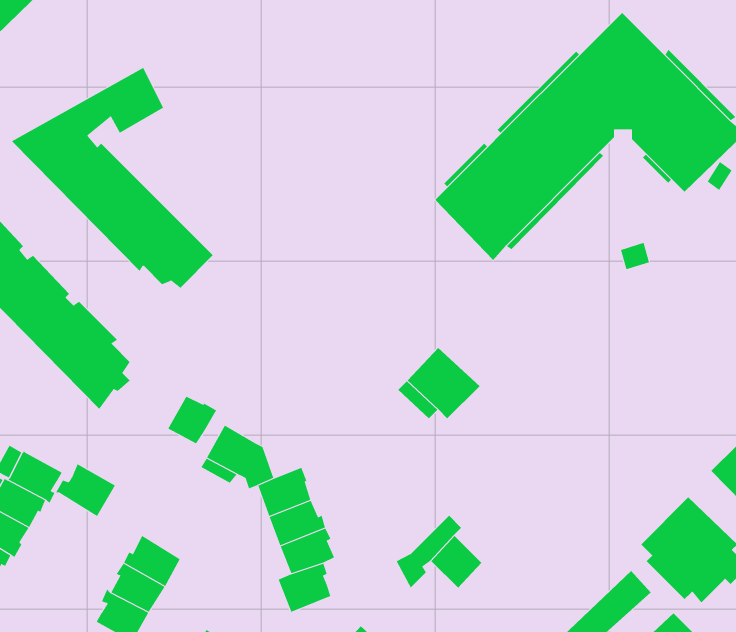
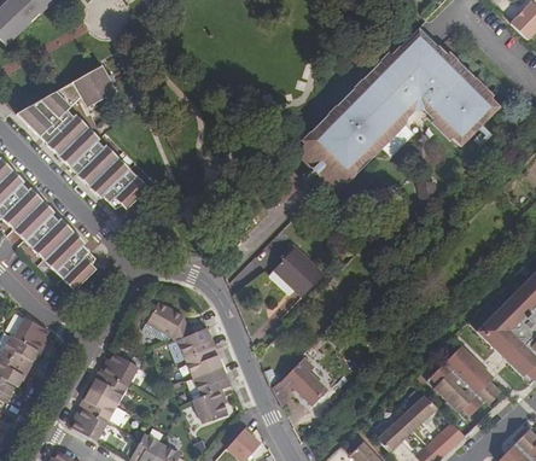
building: [167,396,217,444] -> none
building: [55,463,116,517] -> [99,351,139,386]

